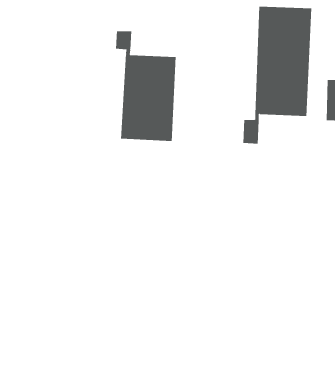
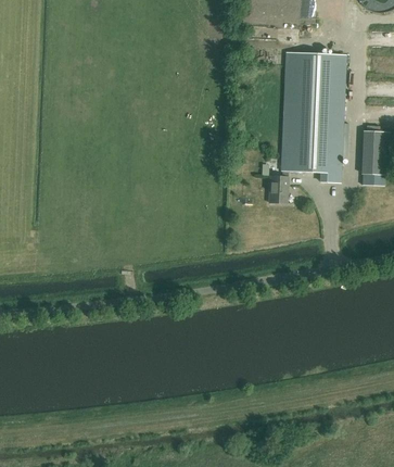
building: [115,30,176,142] -> none

